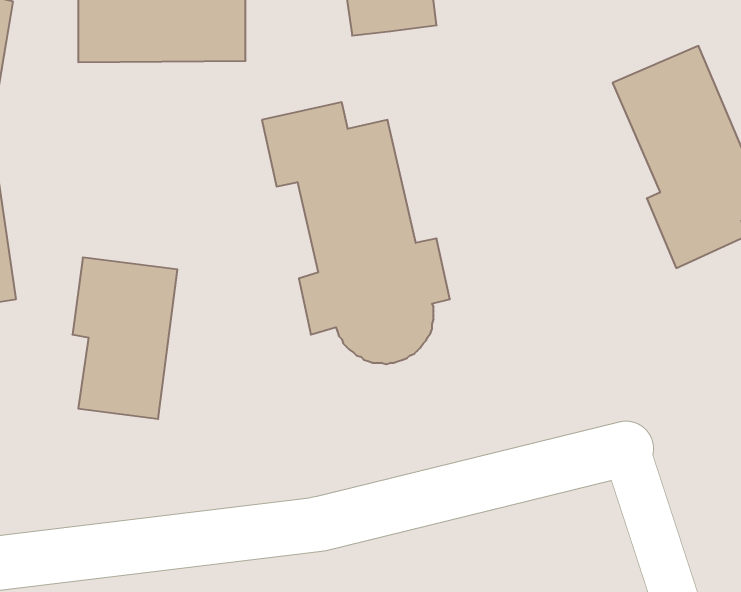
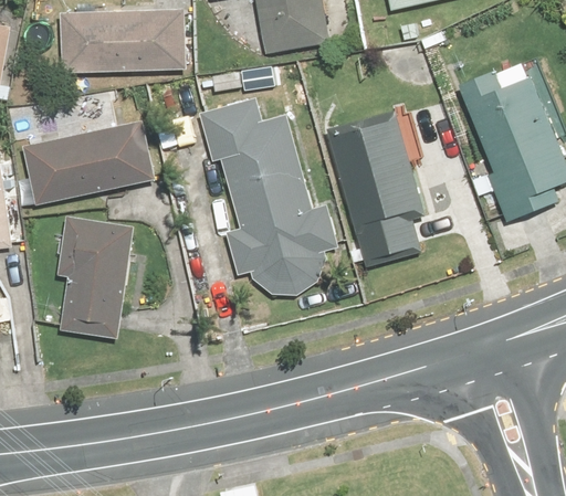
building: none -> [326,113,423,267]
building: none -> [21,119,155,203]

